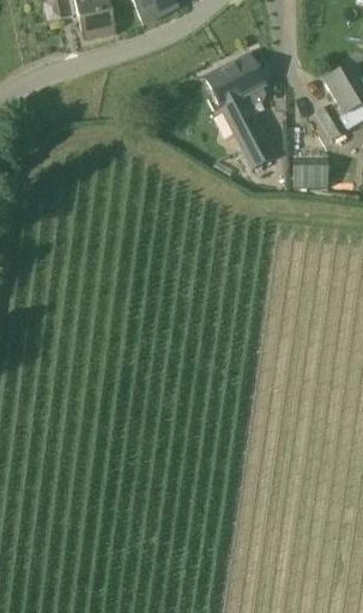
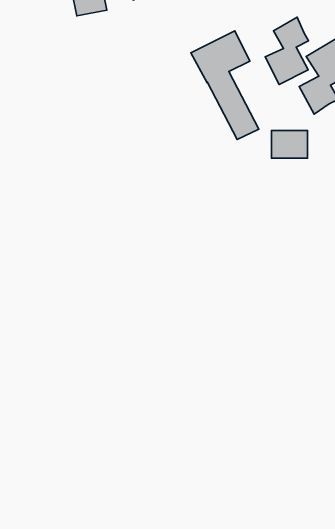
building: none -> [265,17,309,84]

